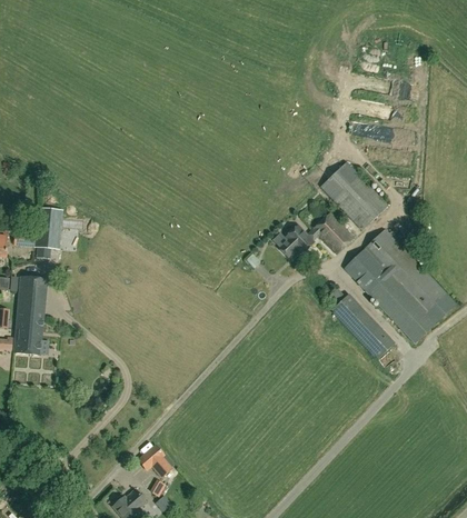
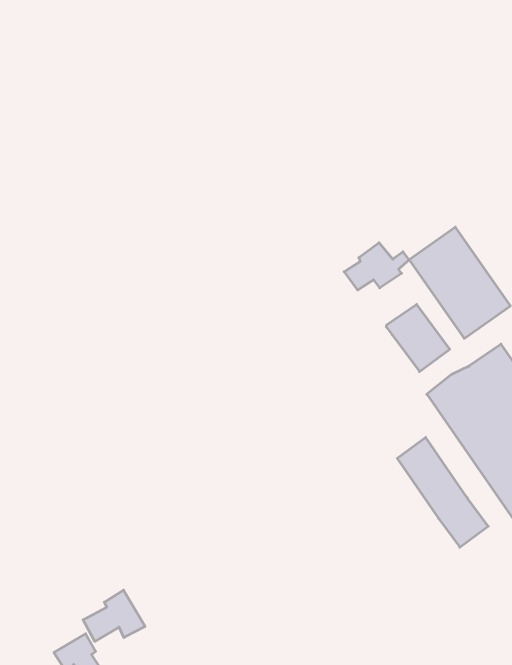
building: [278,226,317,257] -> [344,243,409,290]
building: none -> [83,590,145,641]

